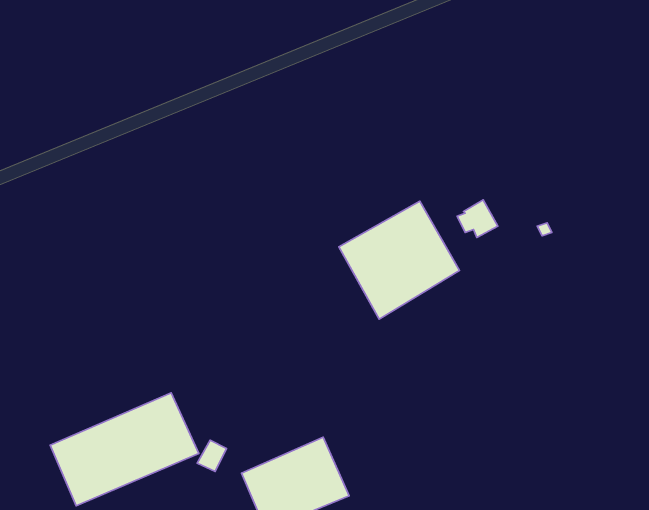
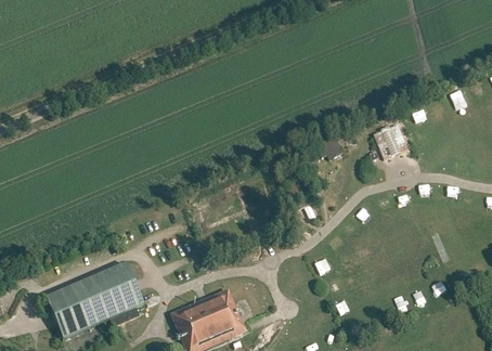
building: none -> [373,125,407,159]
building: [339,201,460,319] -> none

